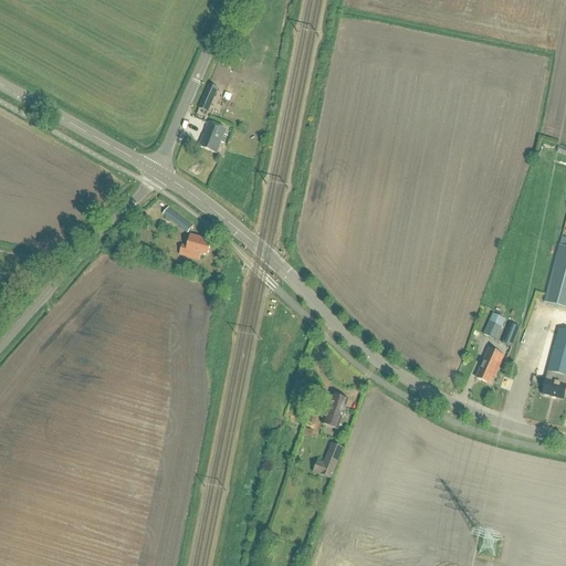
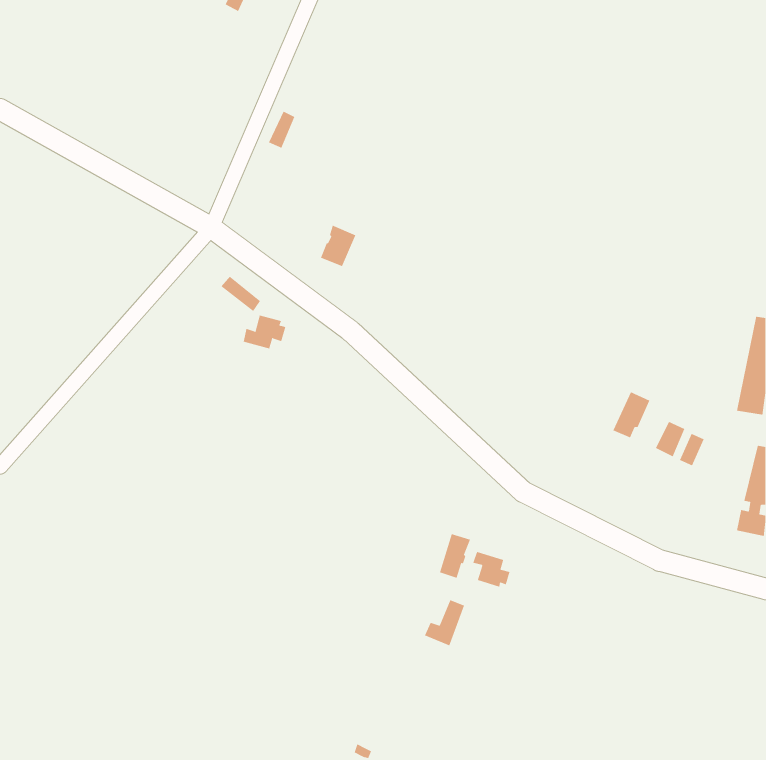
building: [199,119,226,150] -> [320,225,356,267]
building: [476,346,504,380] -> [613,392,650,438]
building: none -> [473,551,510,588]

